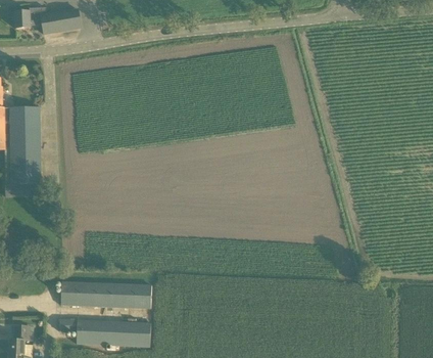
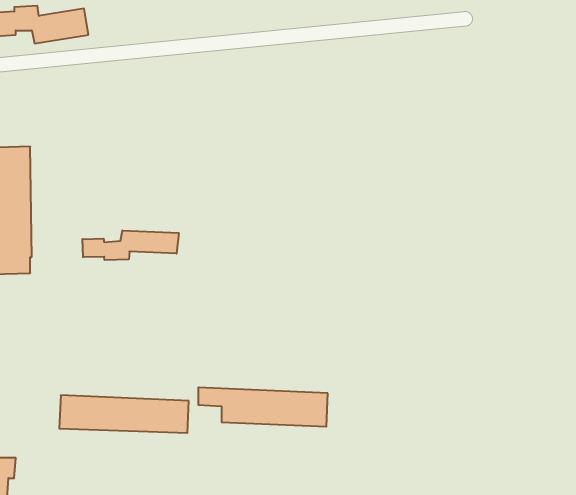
building: none -> [82,230,179,260]
building: [59,319,150,347] -> [198,387,328,427]

